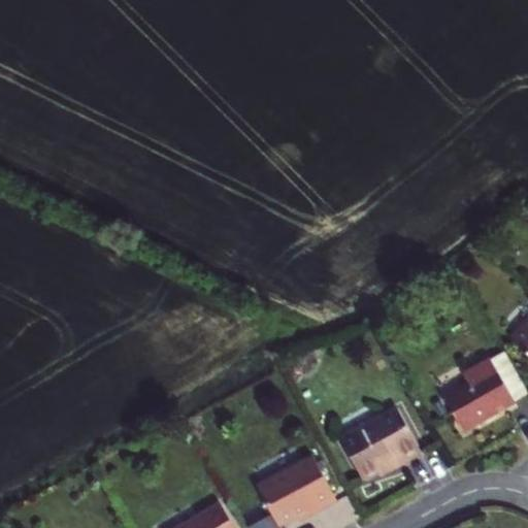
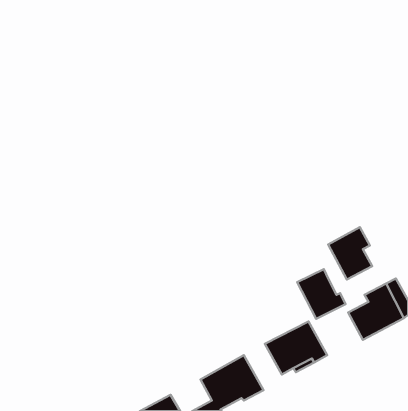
building: none -> [328,227,372,279]
building: none -> [297,269,346,319]

